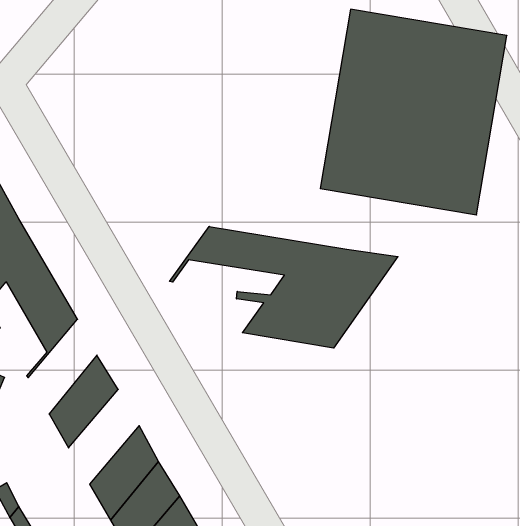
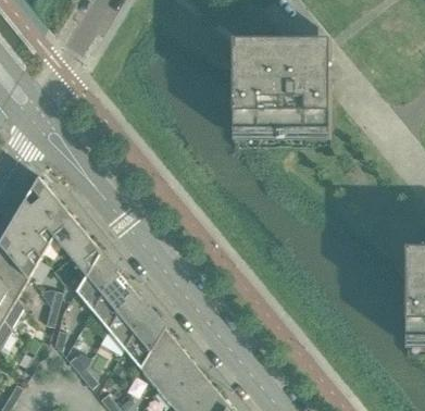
building: [170,226,398,348] -> none
building: none -> [76,250,115,310]
building: none -> [108,288,148,348]

